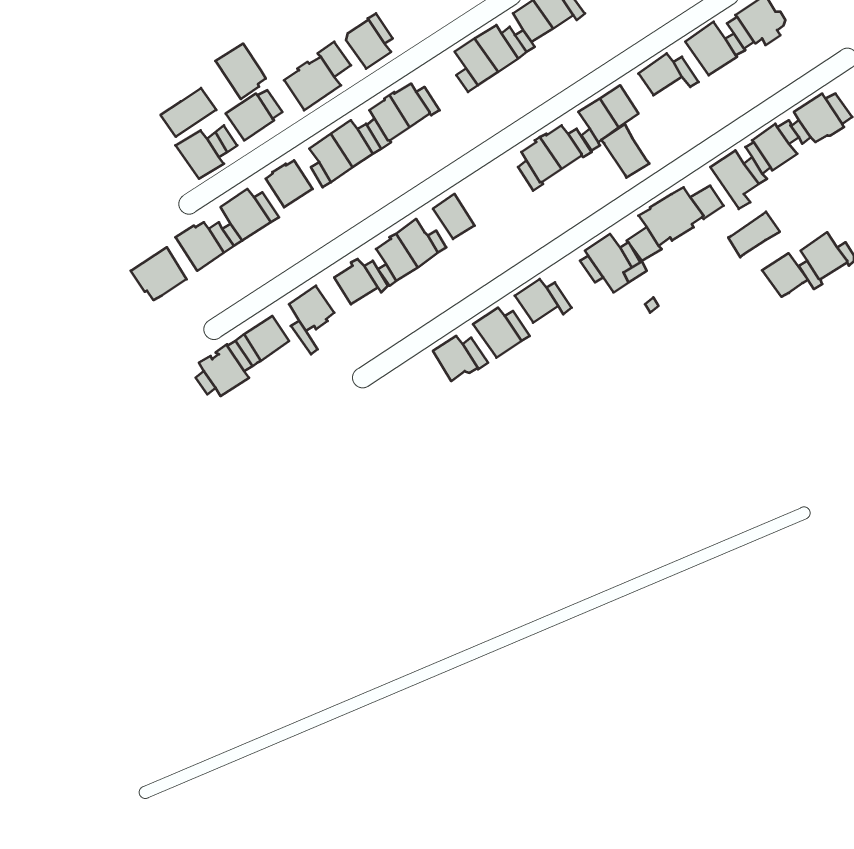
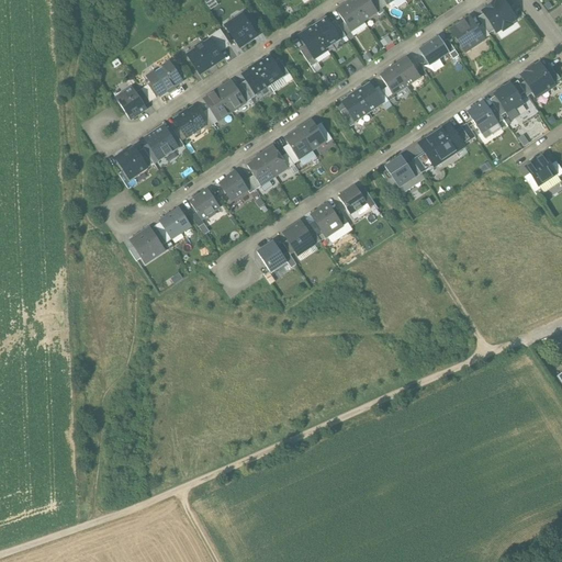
building: [215,44,266,99] -> none
building: [161,88,216,137] -> none
building: [601,124,649,178] -> none
building: none -> [299,117,327,148]
building: [728,212,780,257] -> none
building: [131,247,187,300] -> none
building: [762,253,808,297] -> none
building: none -> [256,238,288,271]

